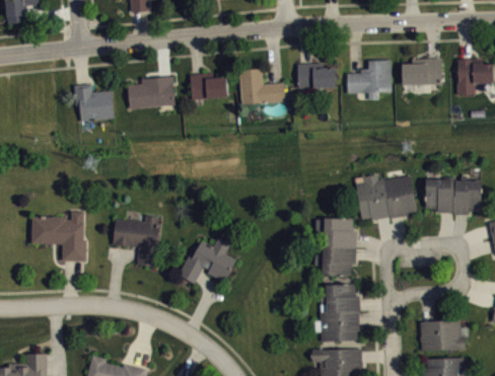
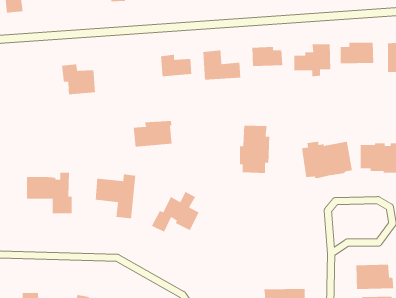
building: [128,77,174,109] -> [133,120,173,148]
building: [320,218,356,276] -> [239,125,270,174]
building: [320,285,359,341] -> none

